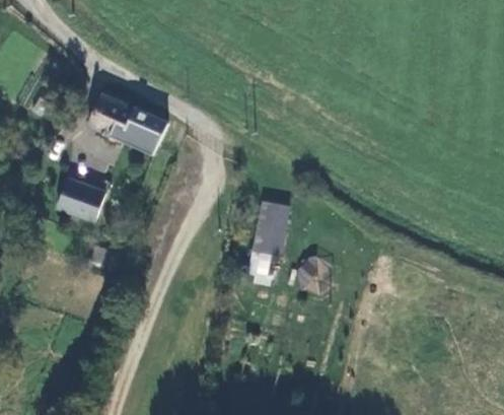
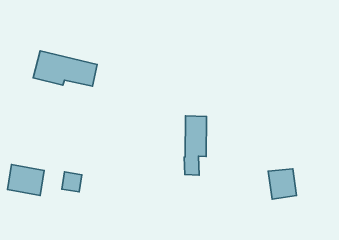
building: [58,177,106,220] -> [7,165,44,195]
building: [293,256,325,291] -> [268,169,297,199]

